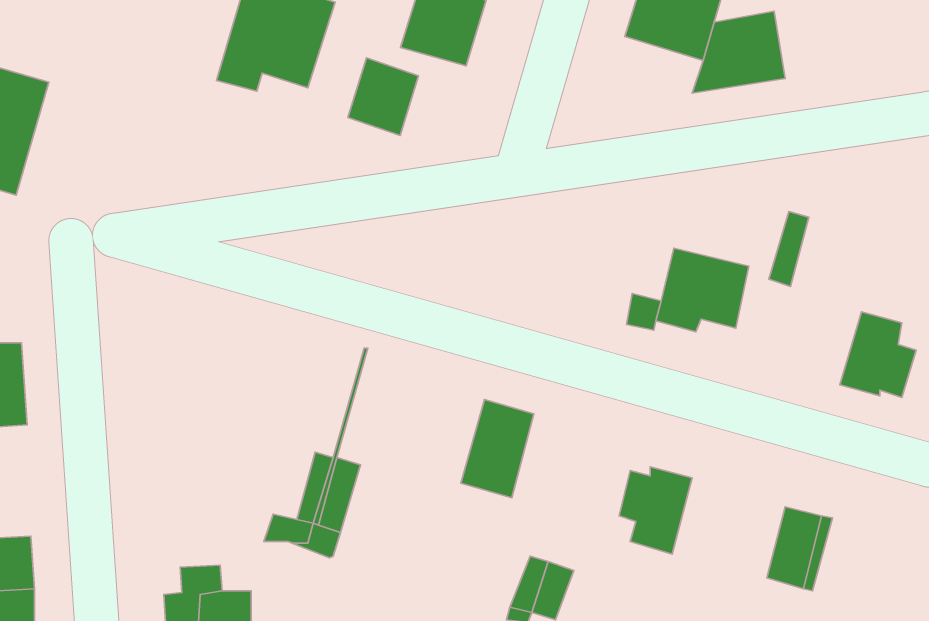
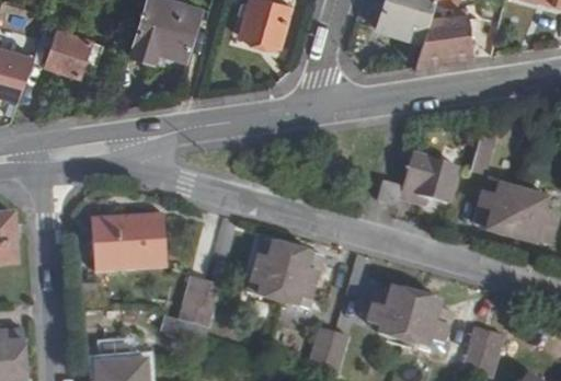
building: none -> [32,26,104,77]
building: [348,58,419,135] -> none
building: none -> [470,186,518,238]
building: none -> [91,213,163,270]
building: none -> [248,238,291,297]
building: none -> [404,293,448,346]

